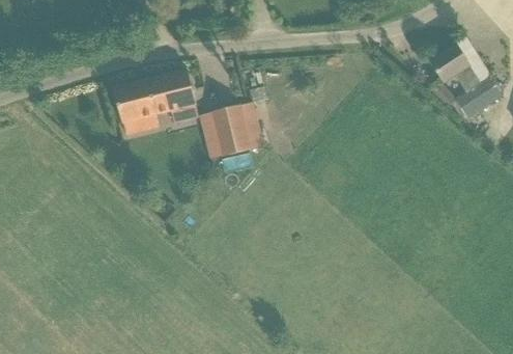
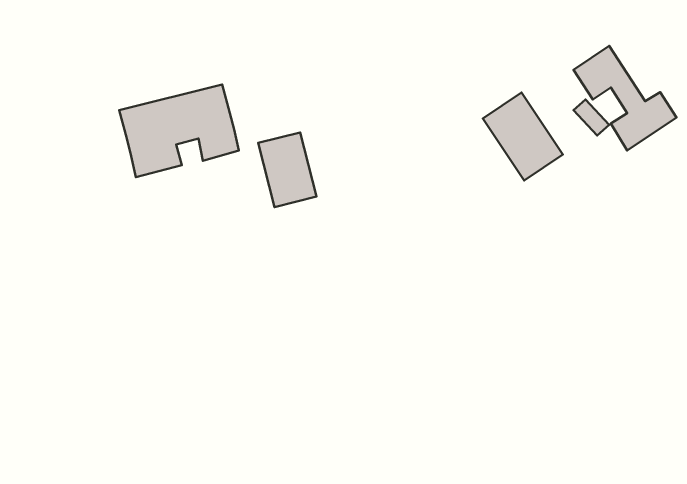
building: none -> [483,92,563,181]

